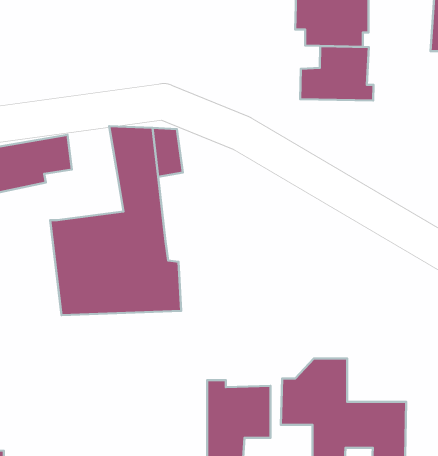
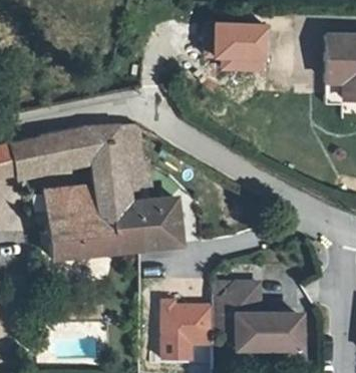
building: [300,46,373,101] -> none
building: none -> [64,124,98,160]
building: none -> [132,205,183,253]

